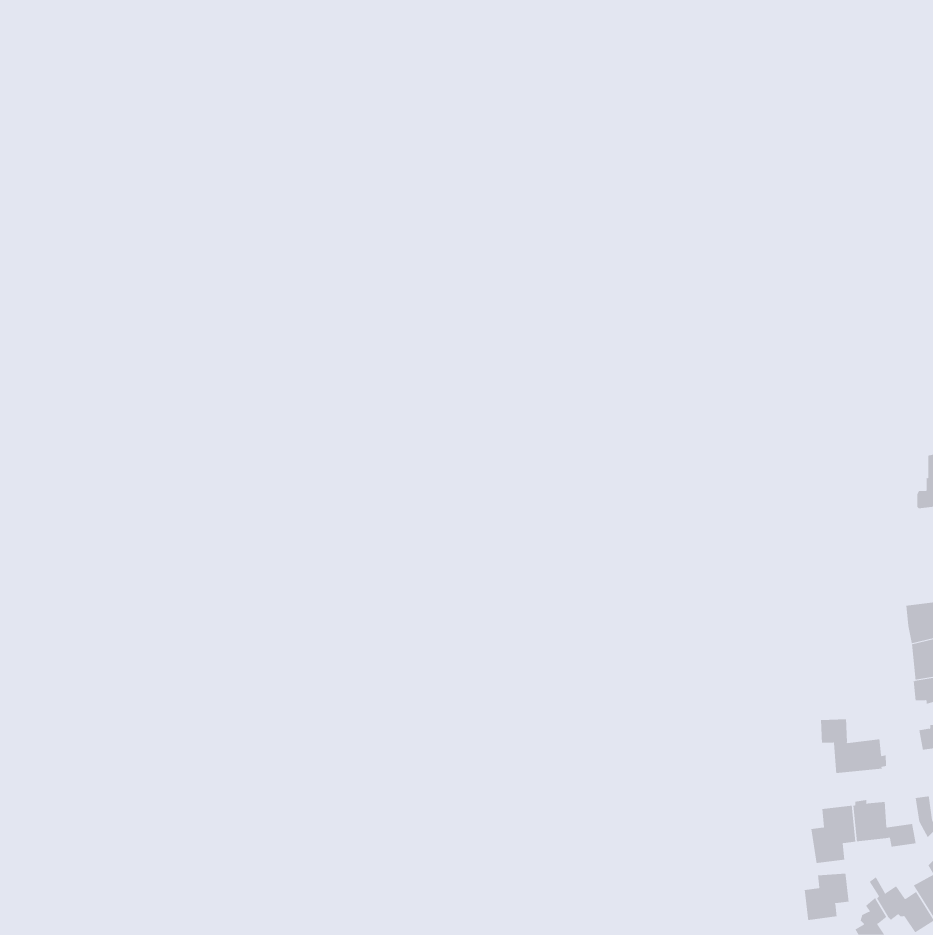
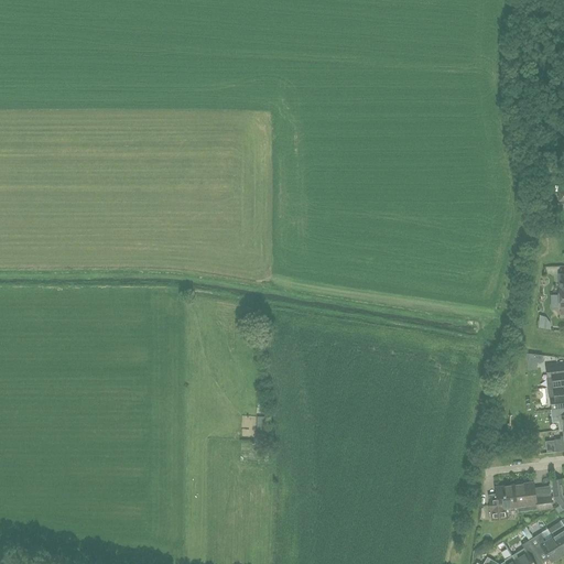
building: [821,718,887,774] -> none
building: [804,873,849,921] -> none

